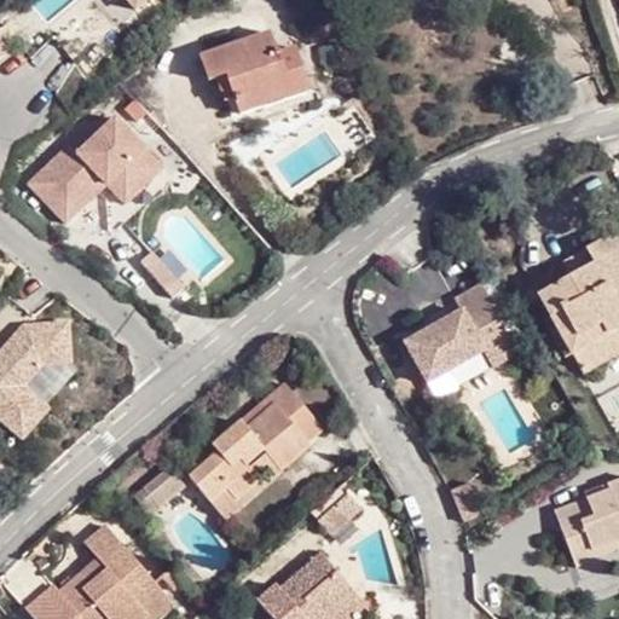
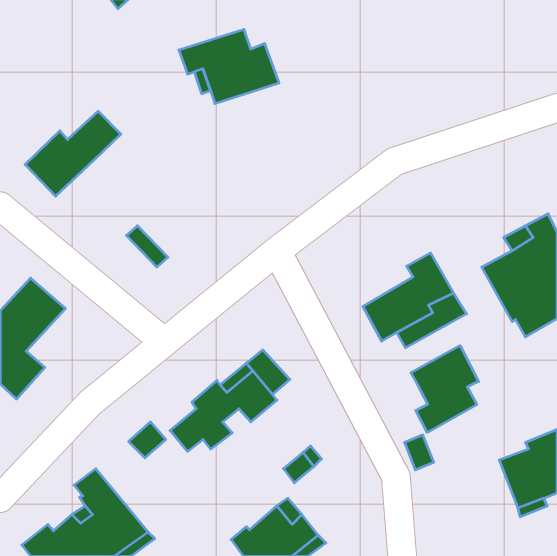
building: [104,149,152,197] -> none
building: none -> [411,346,479,432]
building: [208,453,280,520] -> none

